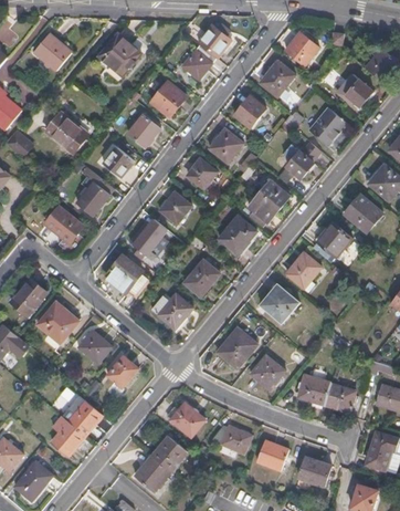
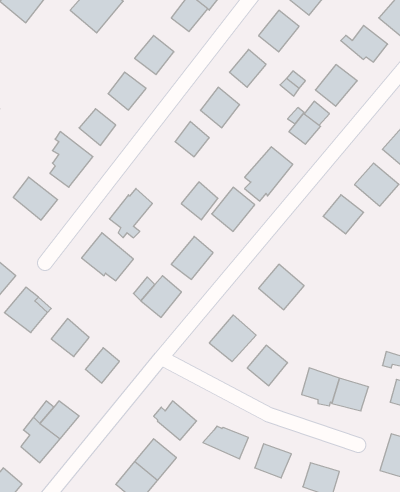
building: [45,112,90,154] -> none
building: [159,191,191,225] -> [181,182,218,220]
building: [285,252,322,288] -> none

